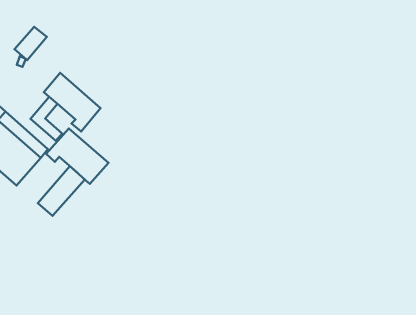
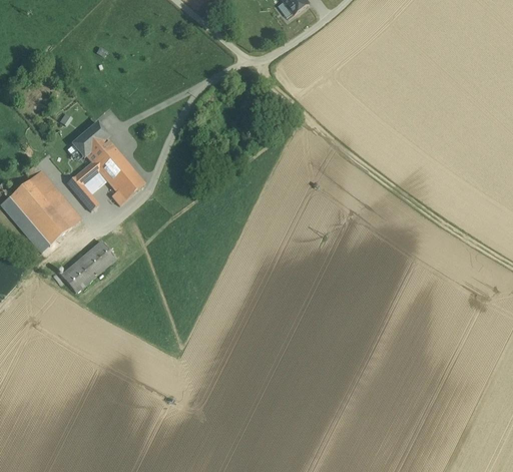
building: [15,27,47,60] -> [72,122,109,157]
building: [46,128,109,184] -> none

